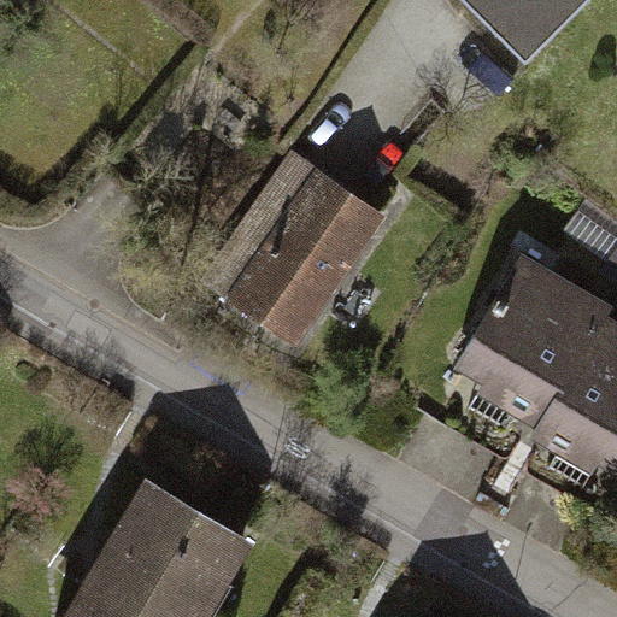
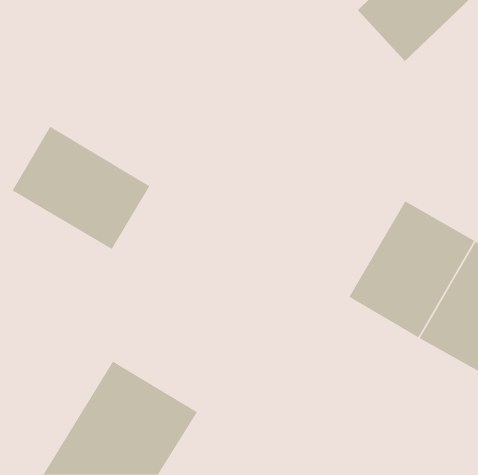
building: none -> [12,126,150,250]
building: [202,172,387,351] -> none

